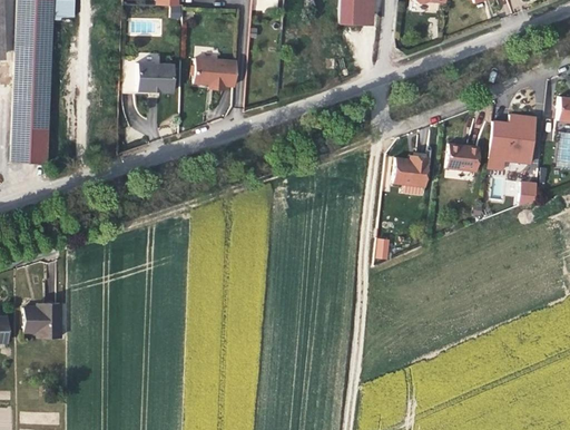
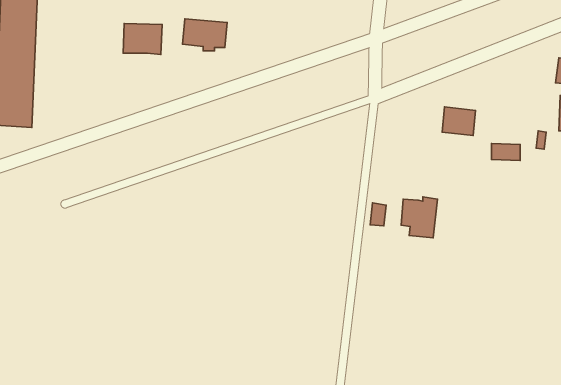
building: [490,114,539,170] -> none
building: [393,155,429,195] -> [401,197,438,238]
building: [23,303,60,338] -> none

